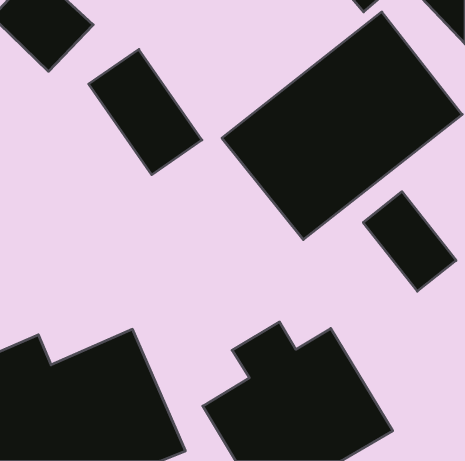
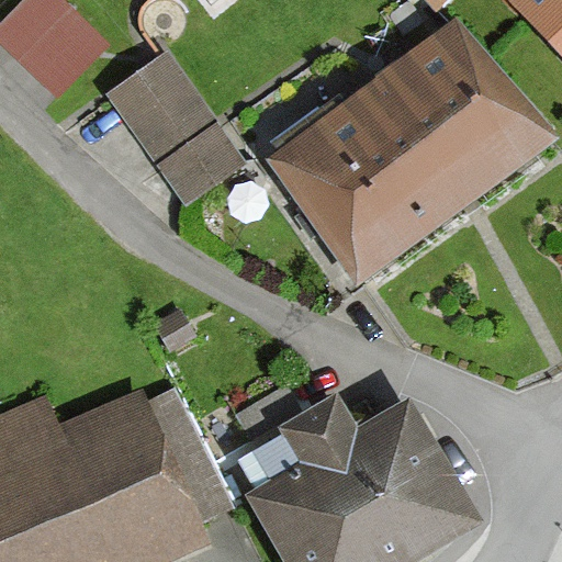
building: [363,192,456,291] -> none

